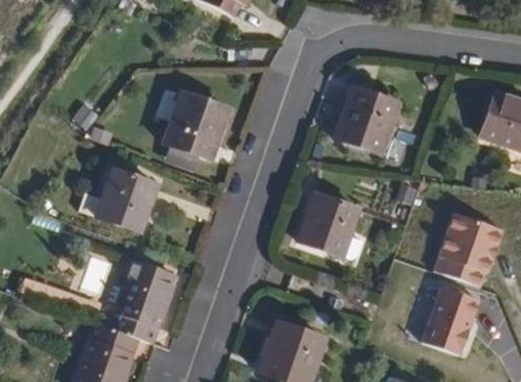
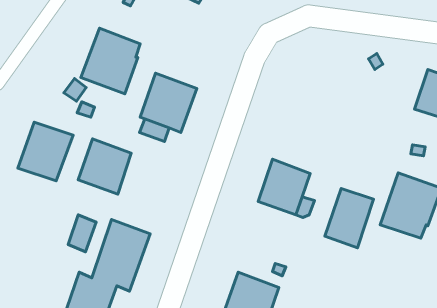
building: none -> [81,28,140,94]
building: [333,86,396,154] -> none
building: none -> [18,122,73,181]
building: [428,284,483,351] -> [325,189,374,248]

